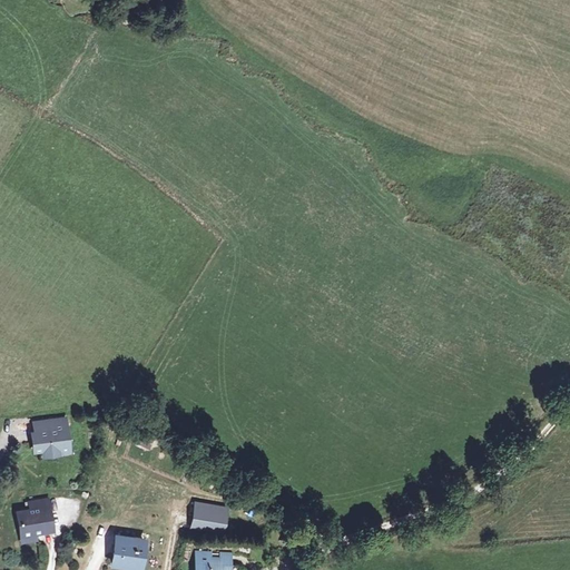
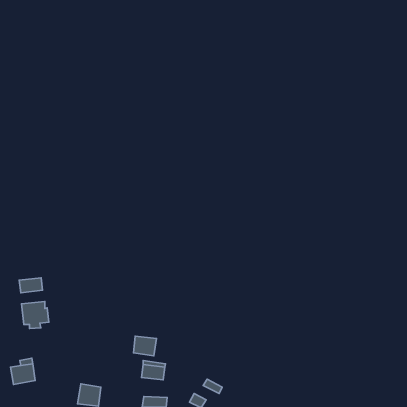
building: none -> [19,278,43,293]
building: none -> [133,336,157,356]

